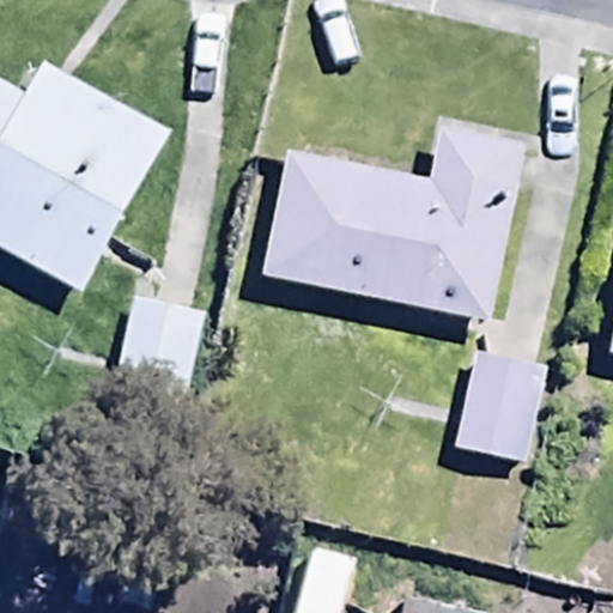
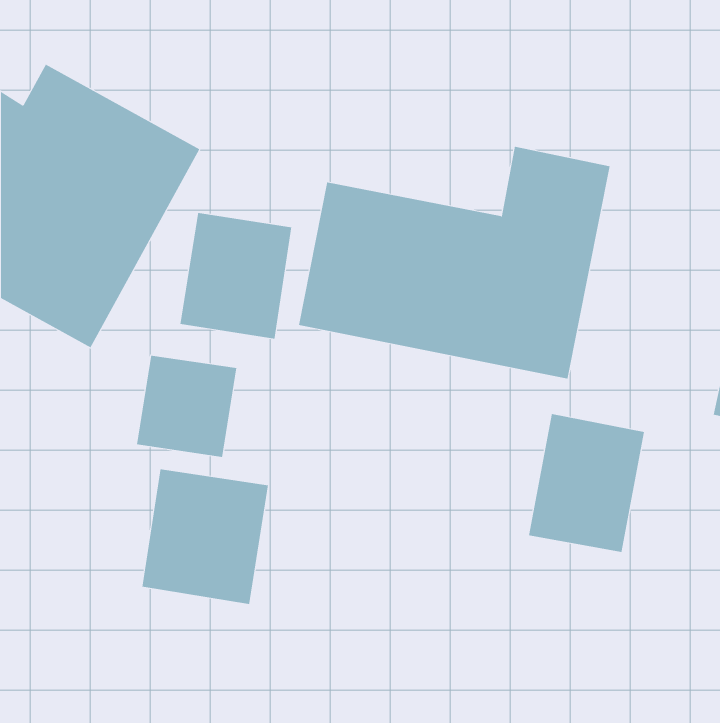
building: none -> [180,212,292,340]
building: none -> [142,469,269,605]

